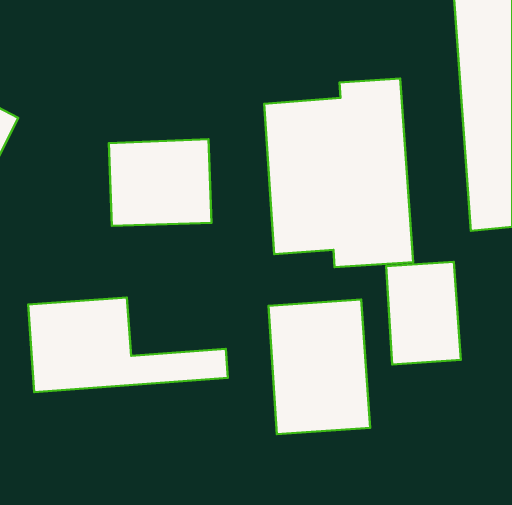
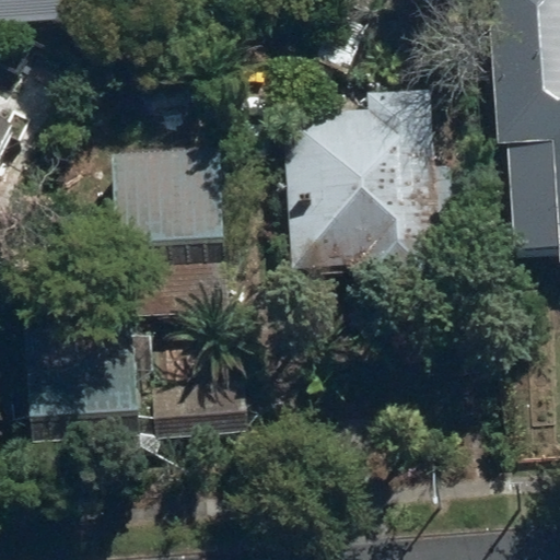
building: [386,262,461,364] -> none
building: [269,300,370,434] -> none

